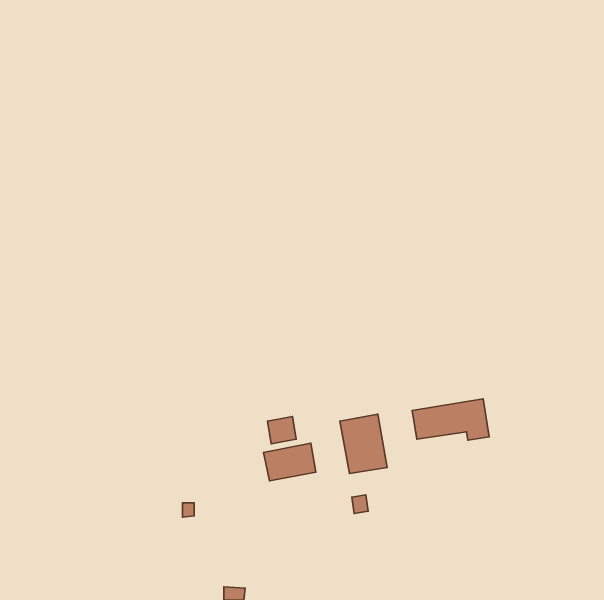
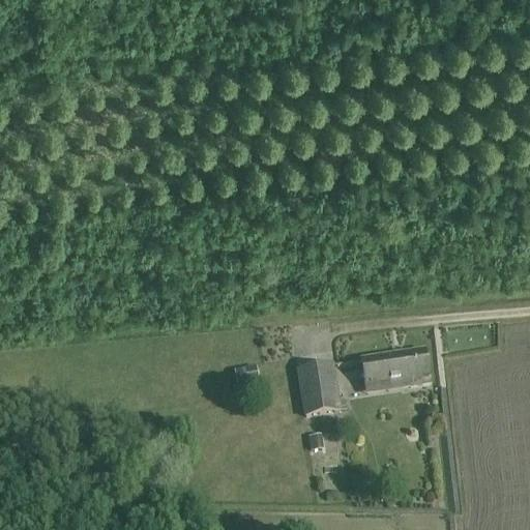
building: [263,443,316,481] -> none

